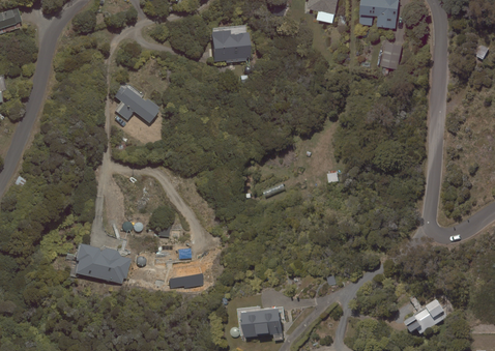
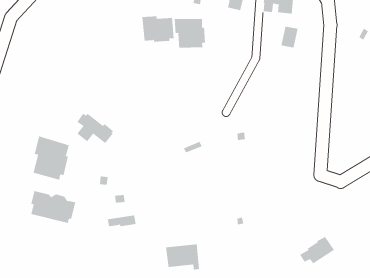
building: none -> [174,18,205,48]
building: [113,85,158,122] -> [77,113,114,144]
building: none -> [33,136,70,180]

